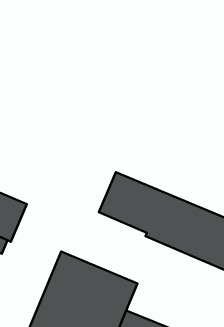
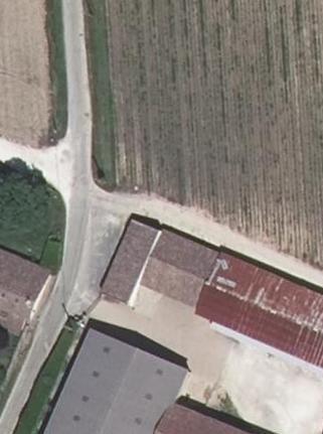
building: none -> [99,218,158,304]

